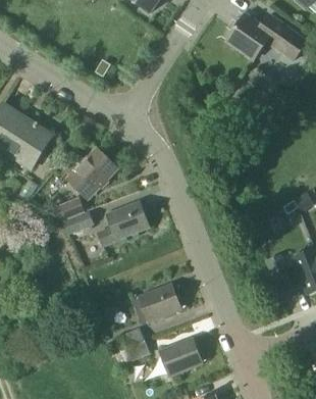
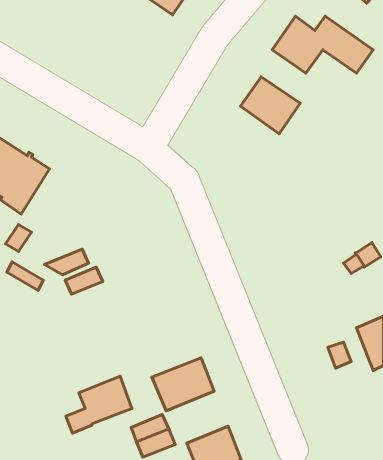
building: none -> [240,77,300,134]
building: [68,146,118,195] -> none
building: [97,201,149,246] -> [66,376,132,433]

